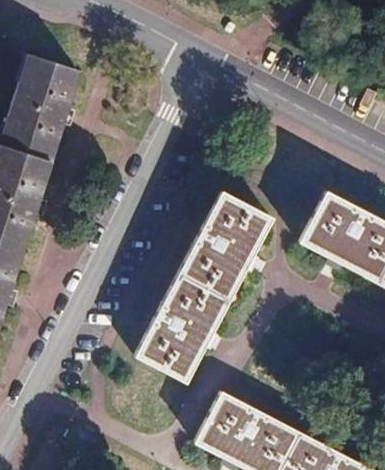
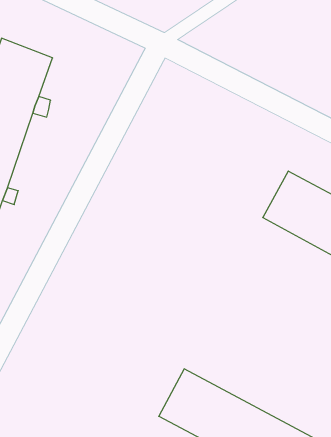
building: [145,196,270,373] -> none

